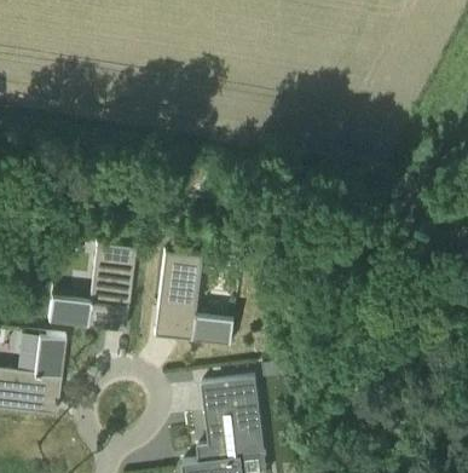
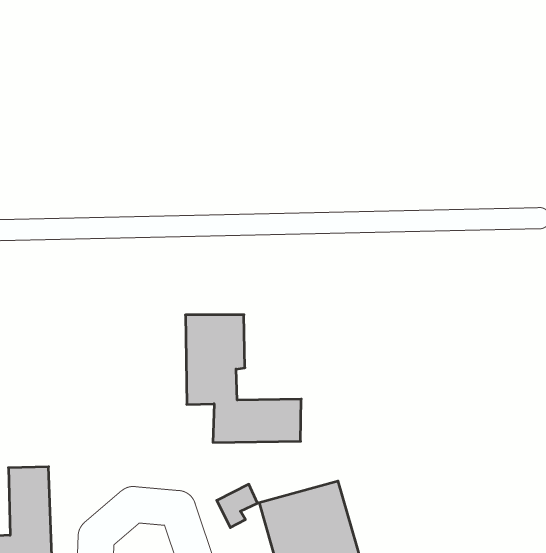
building: [47,242,134,329] -> none

